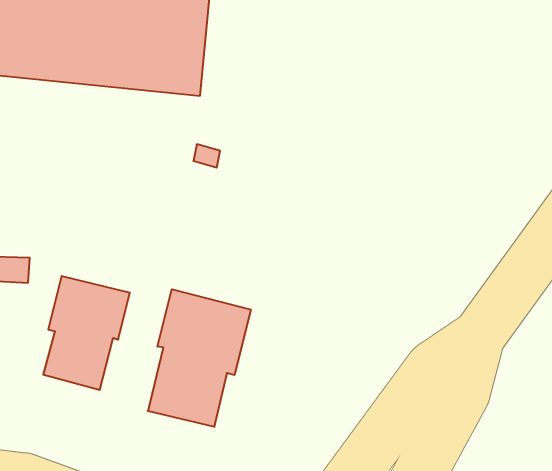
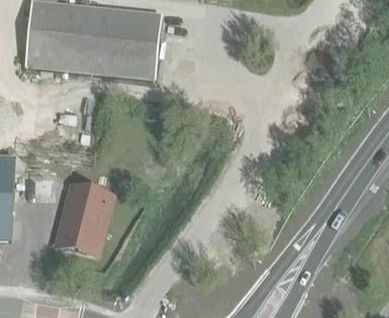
building: [148,289,251,427] -> none

